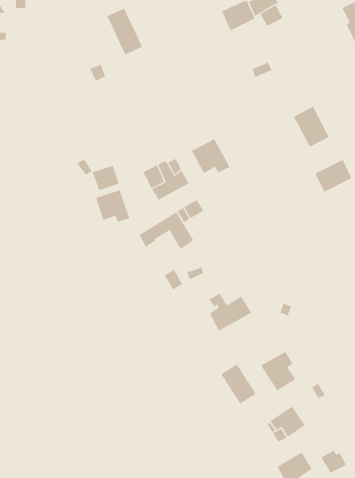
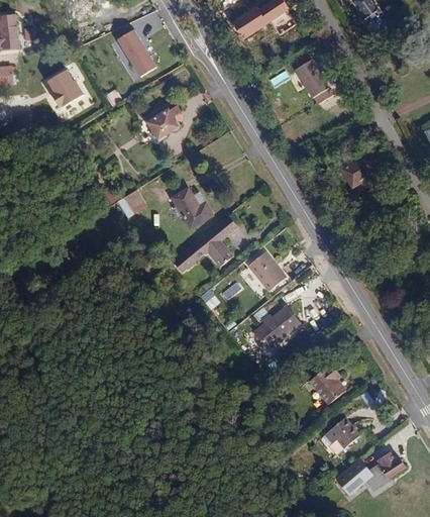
building: none -> [47,71,85,110]
building: none -> [145,110,181,142]
building: [293,106,329,147] -> [297,57,335,99]
building: [191,138,230,174] -> none
building: [95,190,130,223] -> none
building: none -> [250,249,288,290]
building: [221,363,256,405] -> none

